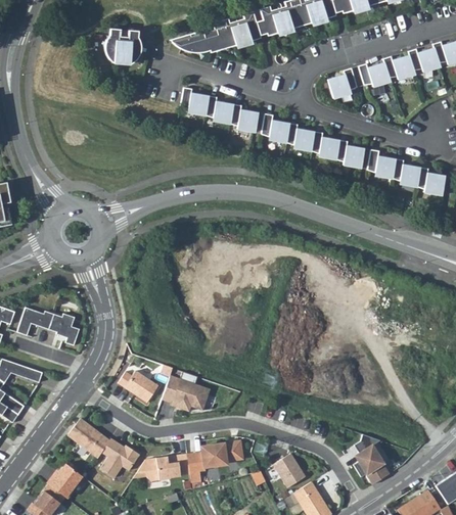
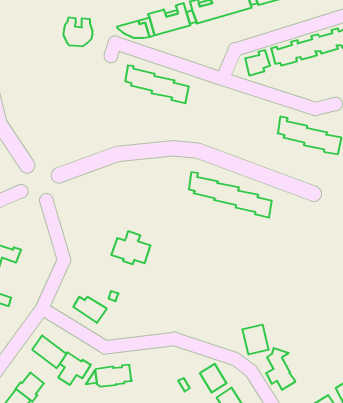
building: [262,114,363,170] -> [189,172,272,218]
building: [48,313,79,344] -> none
building: [162,370,210,410] -> [111,231,151,264]
building: none -> [243,325,269,354]
building: [186,442,241,470] -> none

